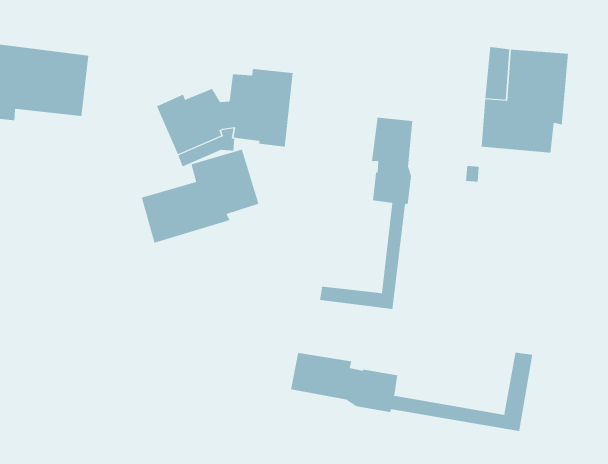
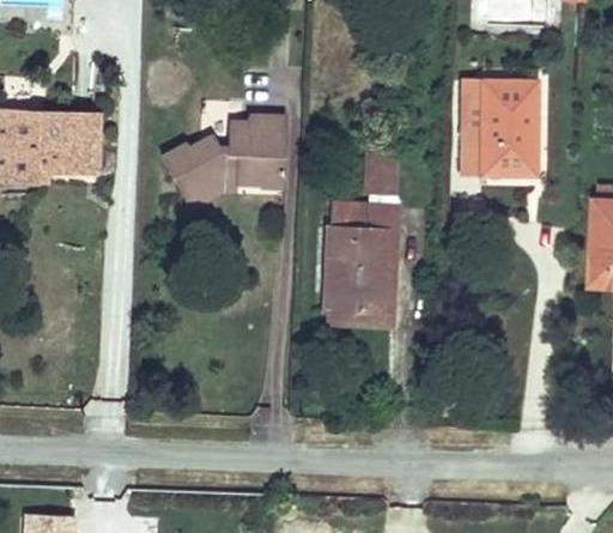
building: [141,149,259,244] -> none
building: none -> [324,200,383,313]
building: [291,352,533,432] -> none

